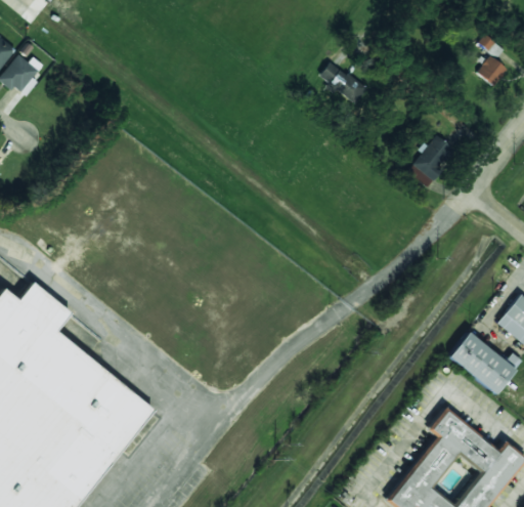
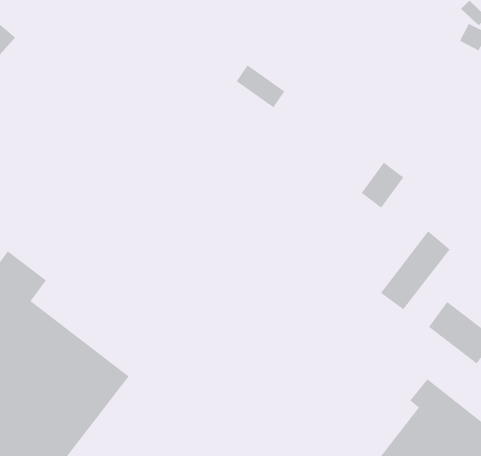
building: [319,61,368,104] -> [236,65,285,108]
building: [413,134,456,180] -> [361,162,404,208]
building: none -> [380,231,450,310]

